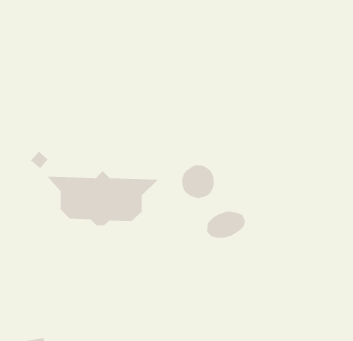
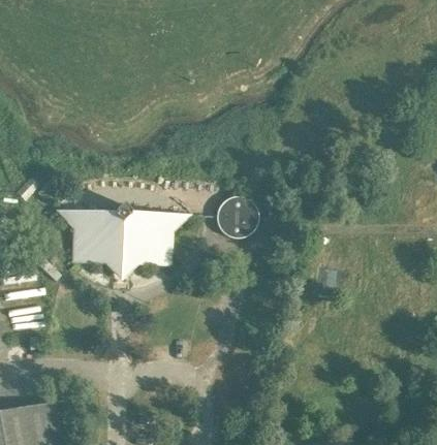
building: [207,211,245,238] -> none

